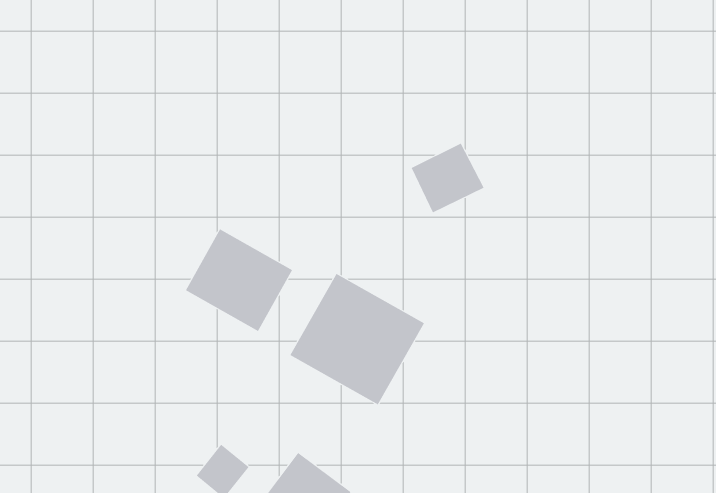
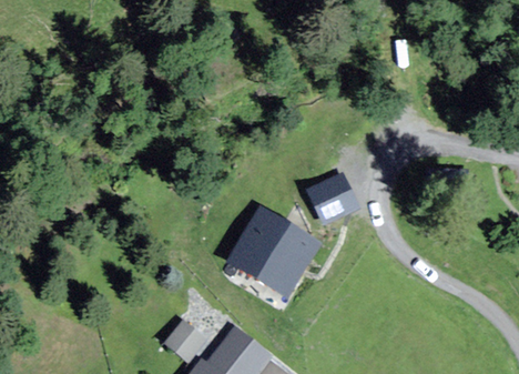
building: [411,143,484,213] -> [308,175,357,222]
building: [185,228,293,332] -> none

